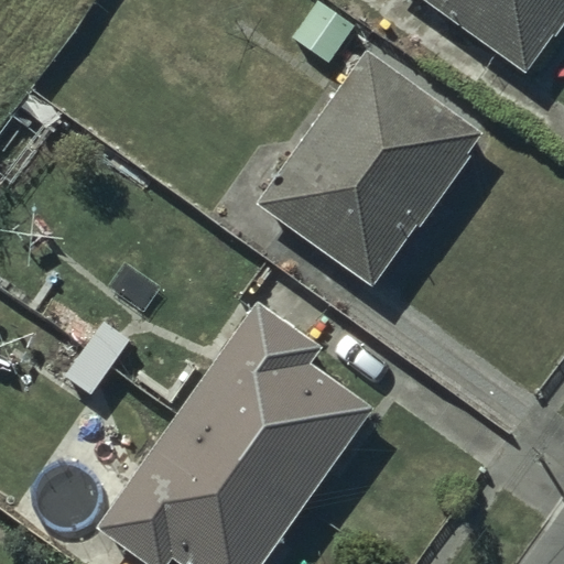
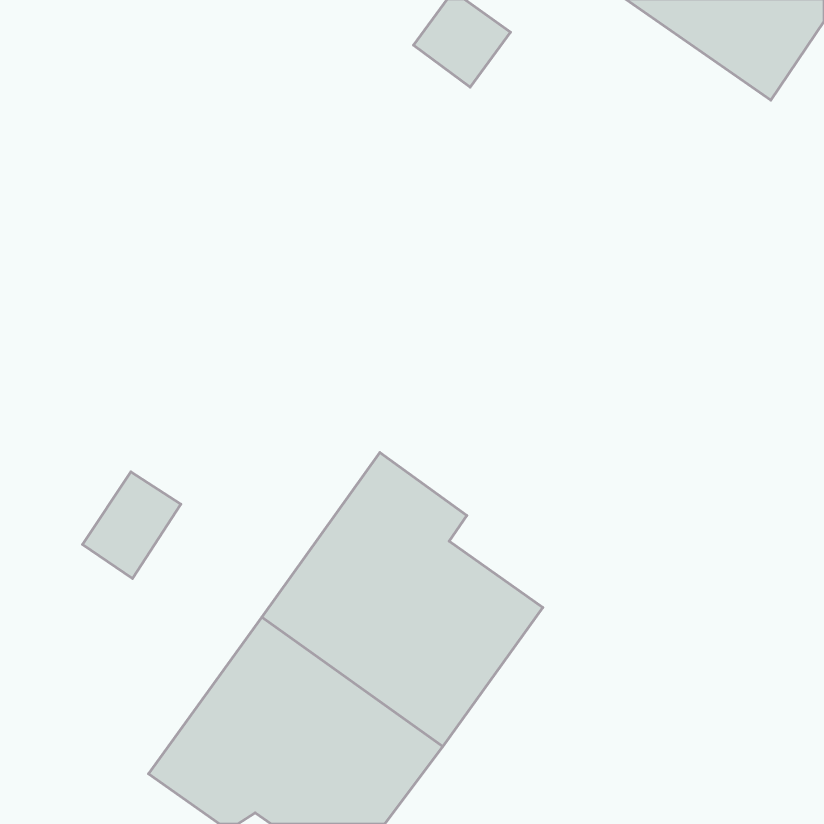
building: [264,57,479,282] -> none

